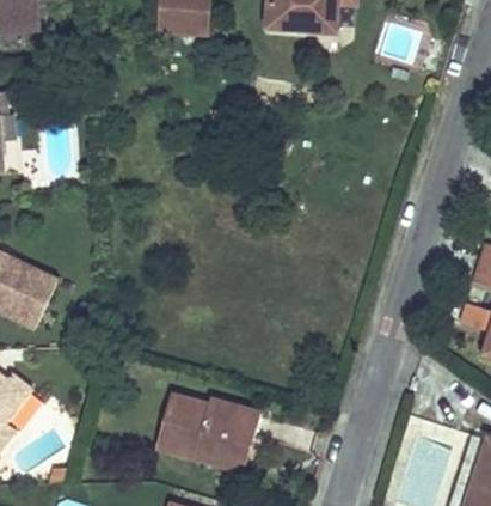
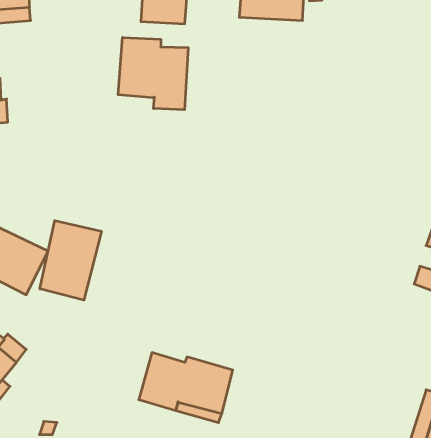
building: none -> [118,37,188,110]
building: none -> [40,221,101,300]

